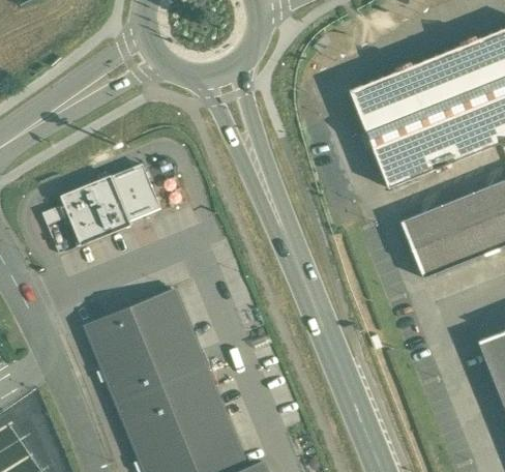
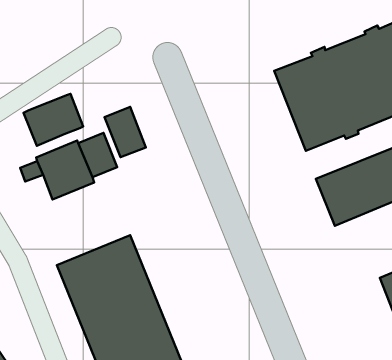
building: none -> [23,94,83,146]
building: none -> [105,107,146,157]

